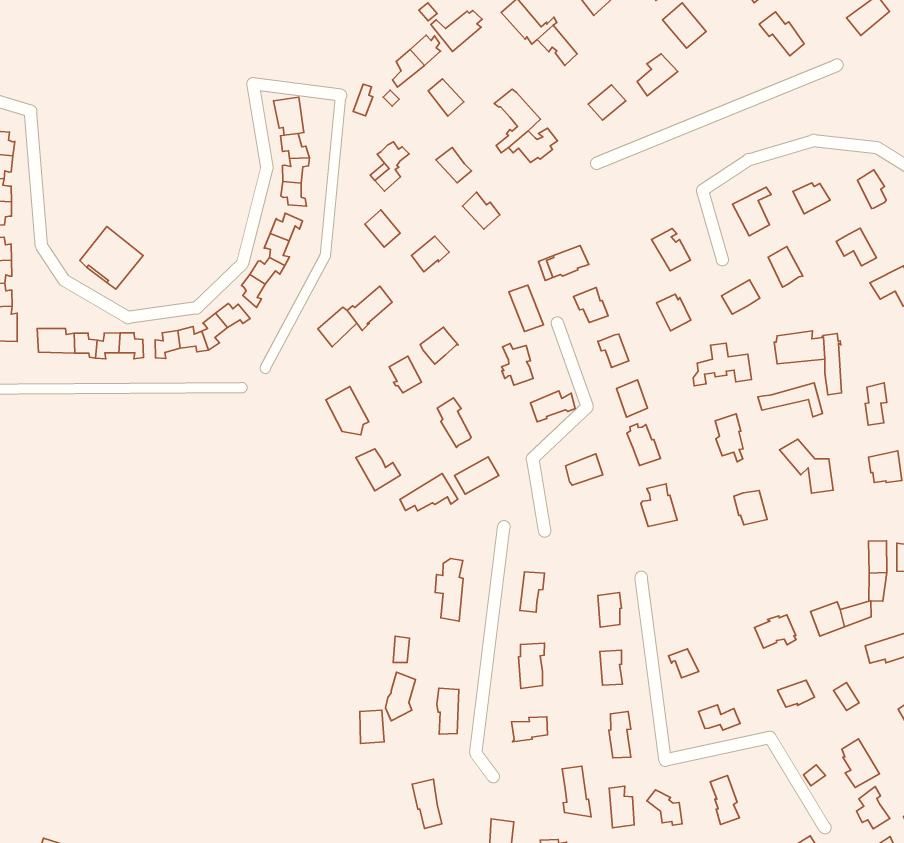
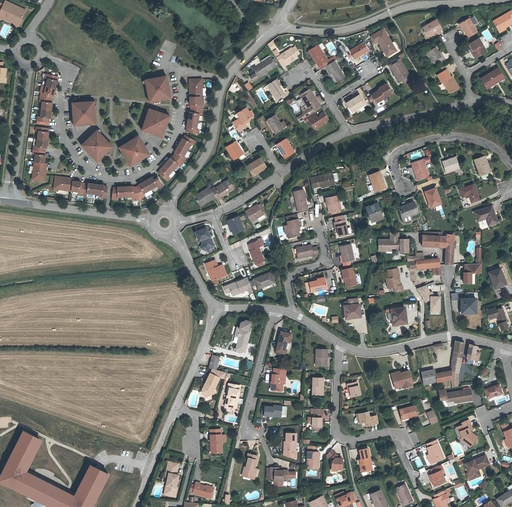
building: none -> [145,76,171,102]
building: none -> [141,108,170,137]
building: none -> [72,101,95,125]
building: none -> [119,135,150,166]

